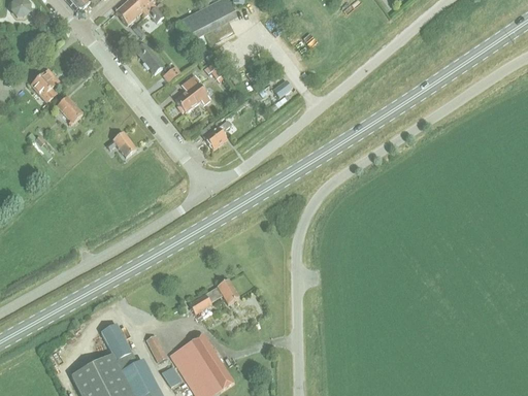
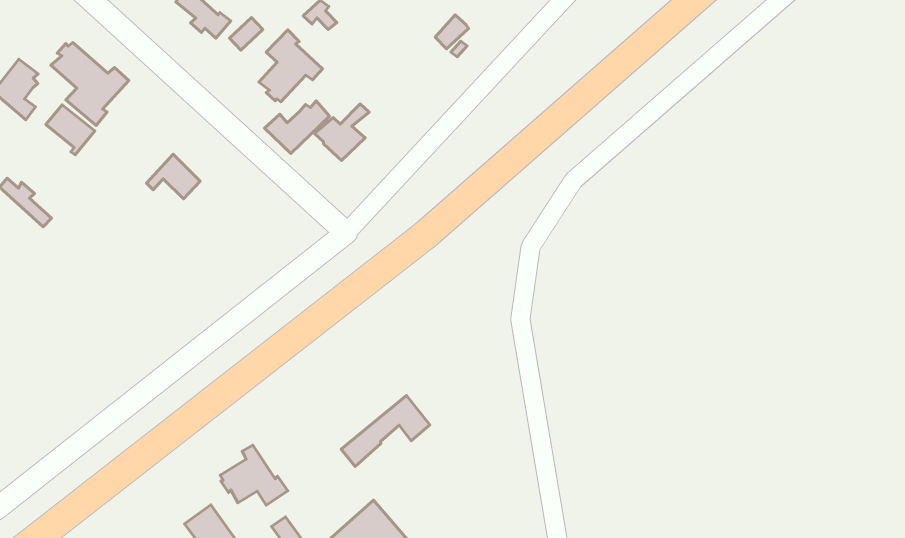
building: none -> [51,42,129,126]
building: none -> [264,101,330,153]
building: none -> [220,445,288,505]

